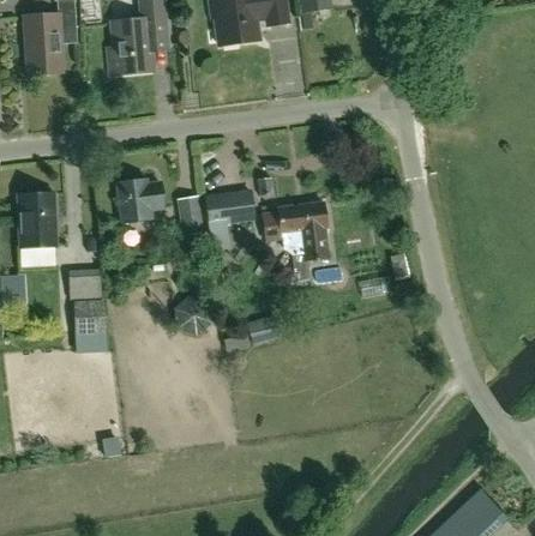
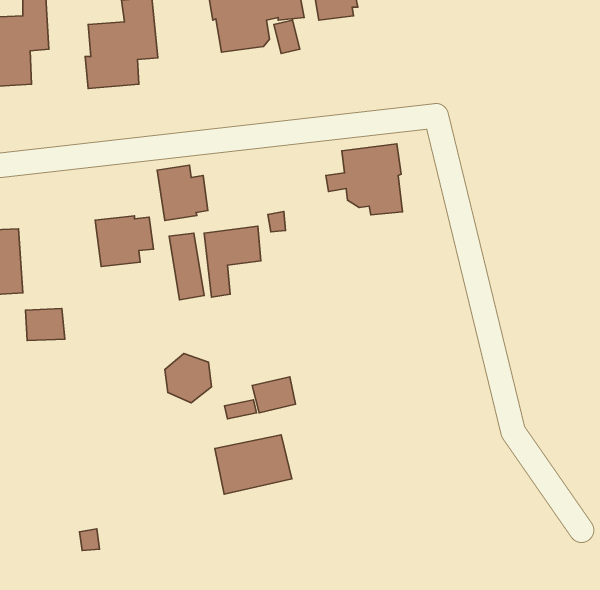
building: none -> [157,165,208,221]
building: [265,200,329,259] -> [326,144,403,215]
building: [76,301,106,335] -> none
building: none -> [215,435,292,494]

